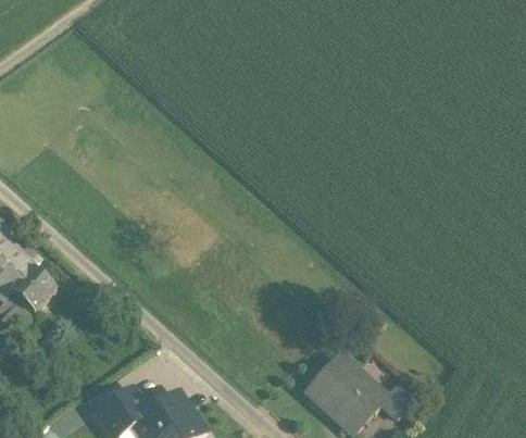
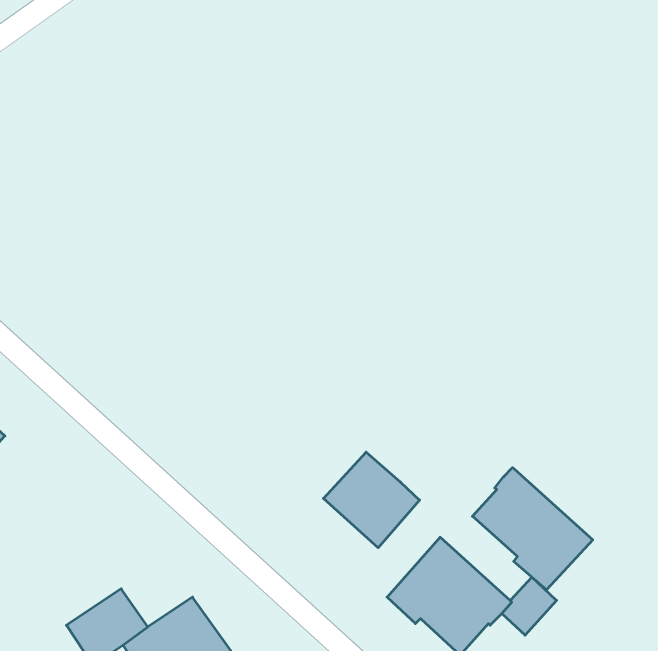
building: none -> [323,452,420,548]
building: none -> [472,468,593,590]

